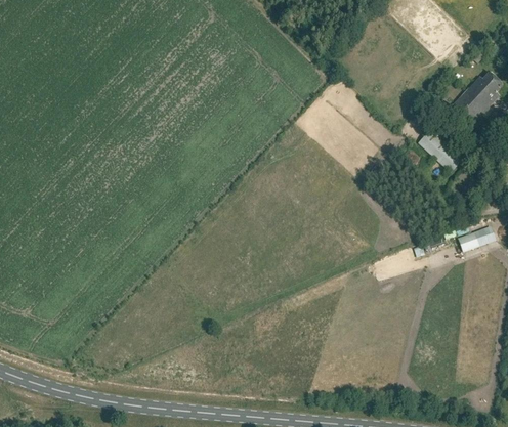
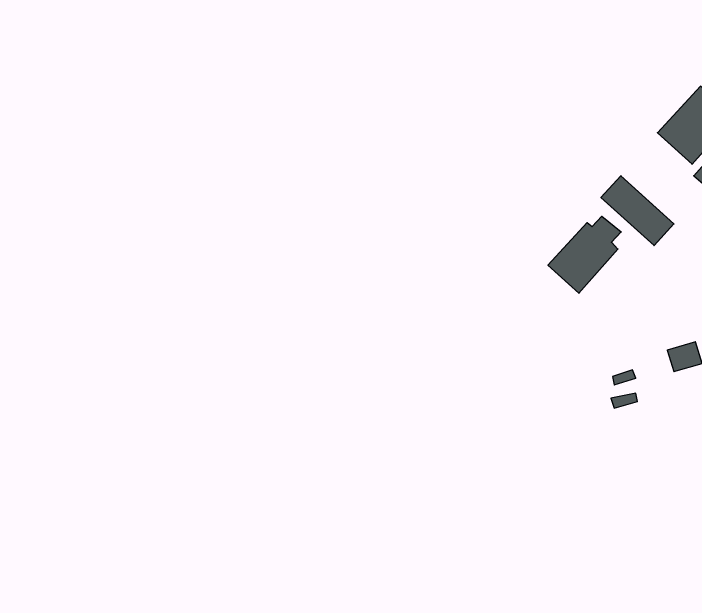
building: none -> [548,216,621,293]

